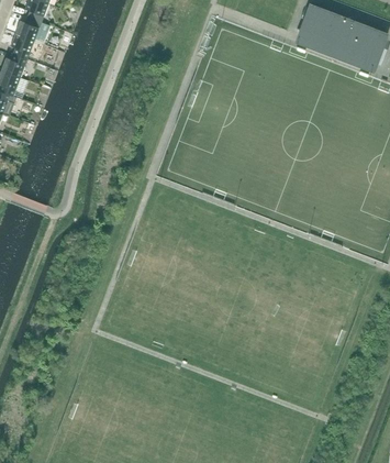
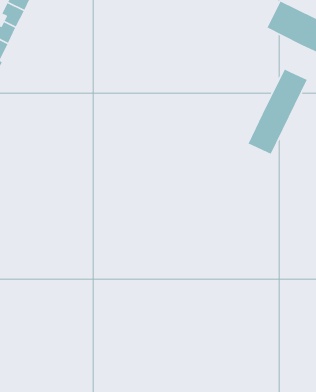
building: none -> [248,69,308,155]

